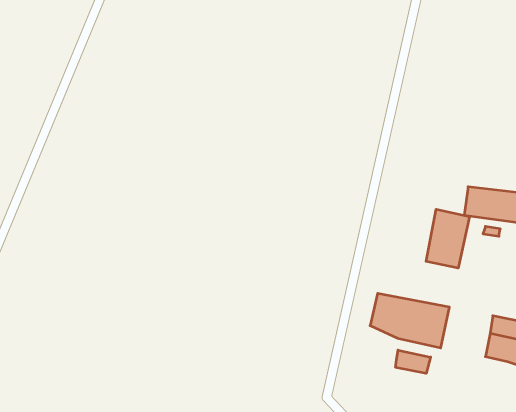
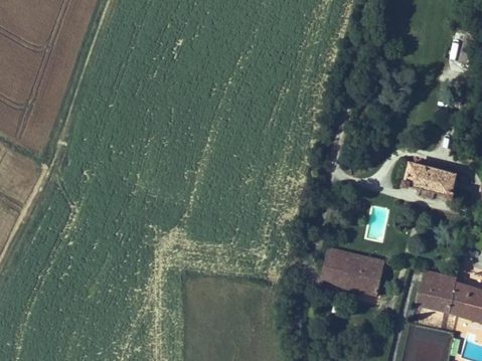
building: [426,209,470,268] -> none
building: [396,350,431,373] -> none

